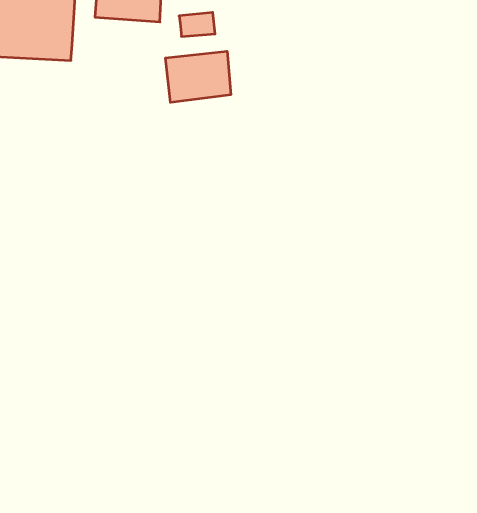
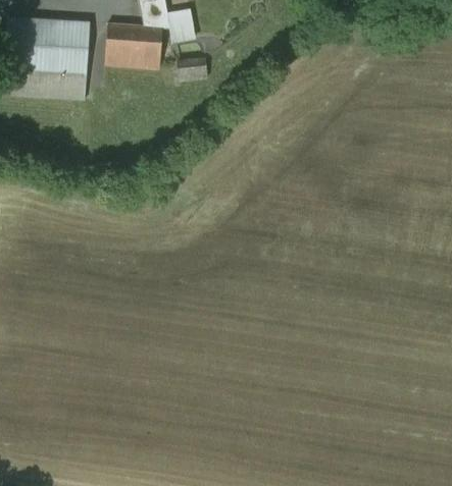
building: [166,51,231,102] -> none

